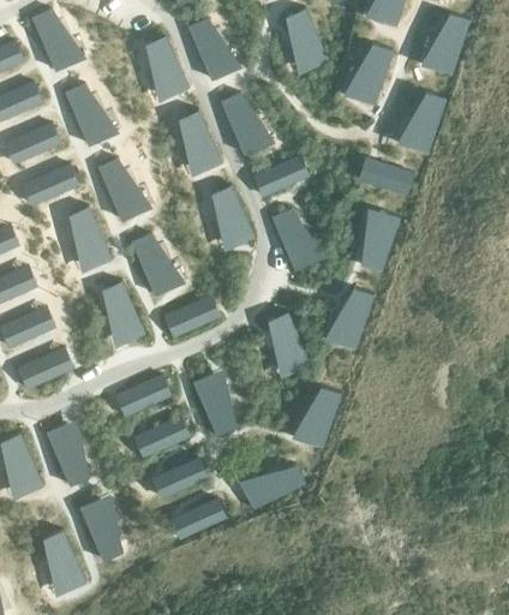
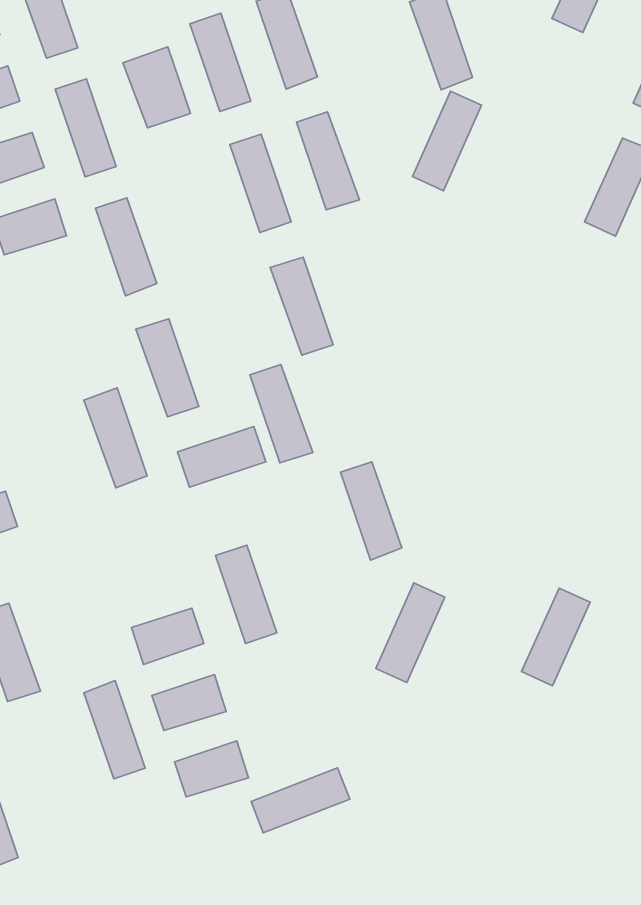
building: [353,42,393,106] -> [412,91,481,191]
building: none -> [123,47,191,128]
building: [252,159,299,197] -> none
building: [367,160,414,196] -> none
building: [67,204,110,267] -> none
building: [269,208,313,270] -> [250,365,313,463]
building: [360,210,400,273] -> none
building: [334,287,373,350] -> [521,588,590,686]
building: [124,374,170,412] -> none
building: [241,464,304,509] -> [251,768,350,833]
building: [78,496,121,559] -> [84,680,145,779]

